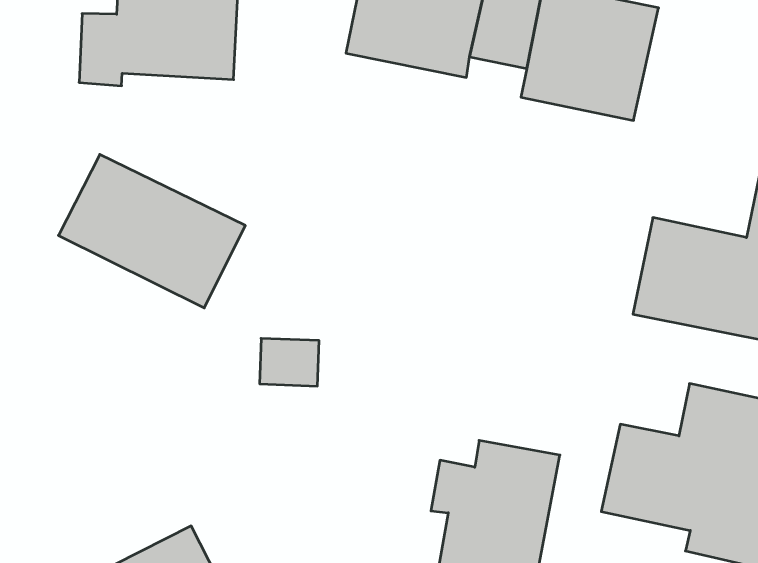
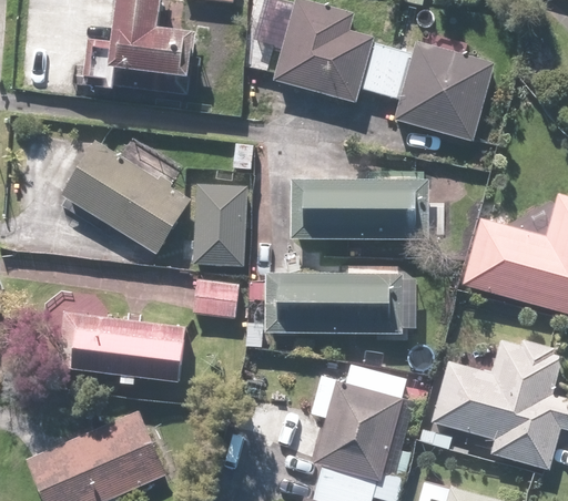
building: none -> [290,181,428,239]
building: none -> [194,184,250,266]
building: none -> [261,270,416,336]
building: none -> [58,314,185,382]

